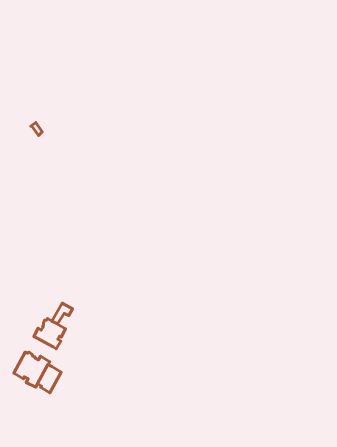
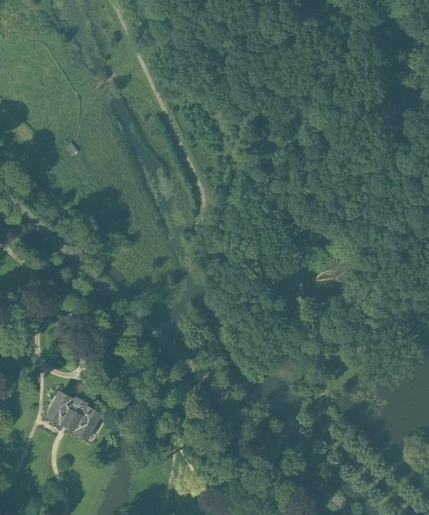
building: [34,319,66,349] -> none

